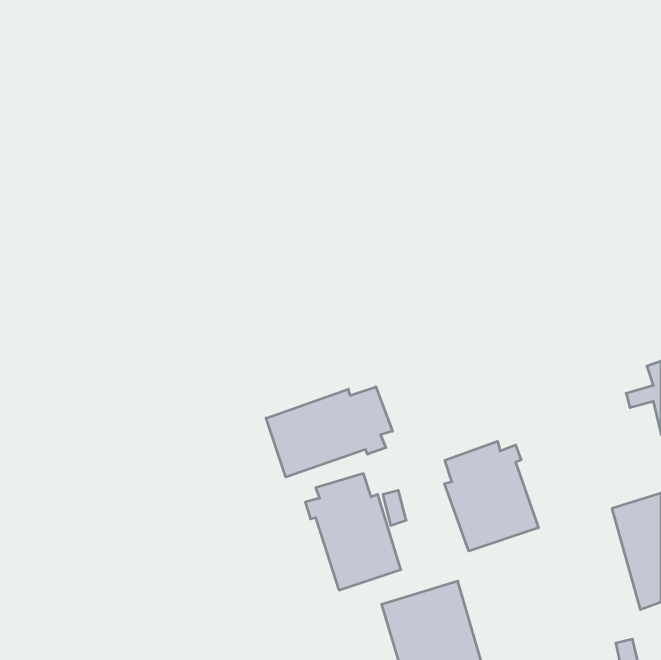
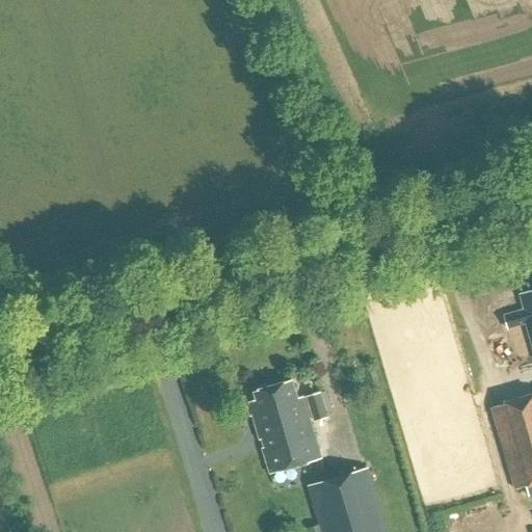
building: [266,387,392,477] -> none
building: [444,441,538,551] -> none

